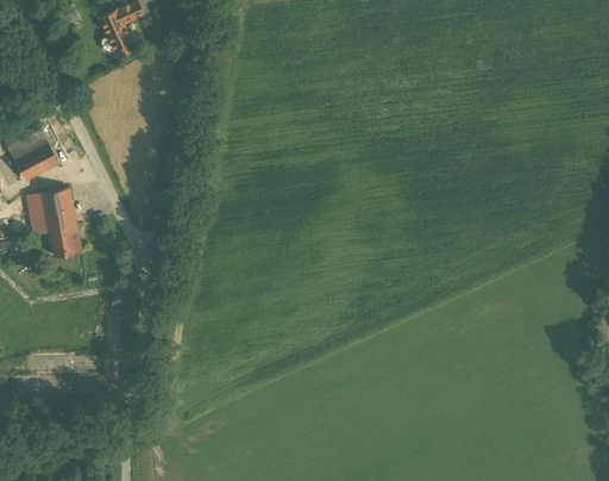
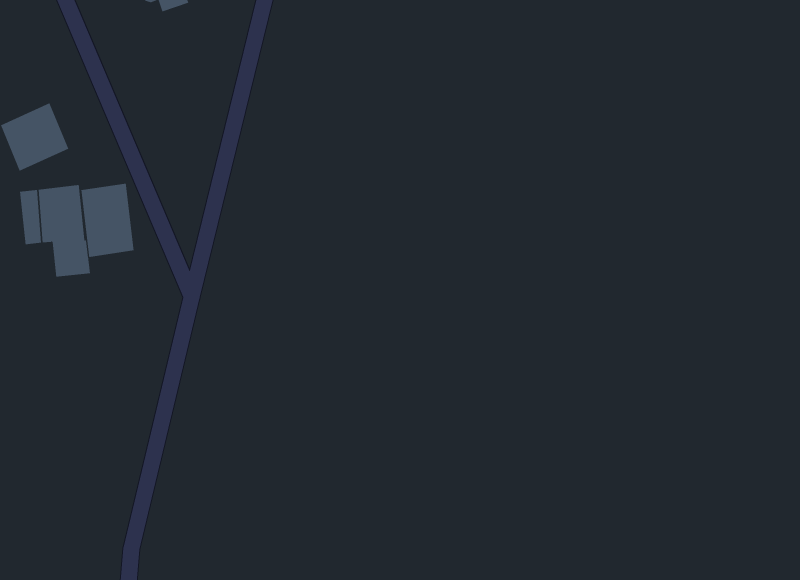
building: none -> [81,183,134,258]

